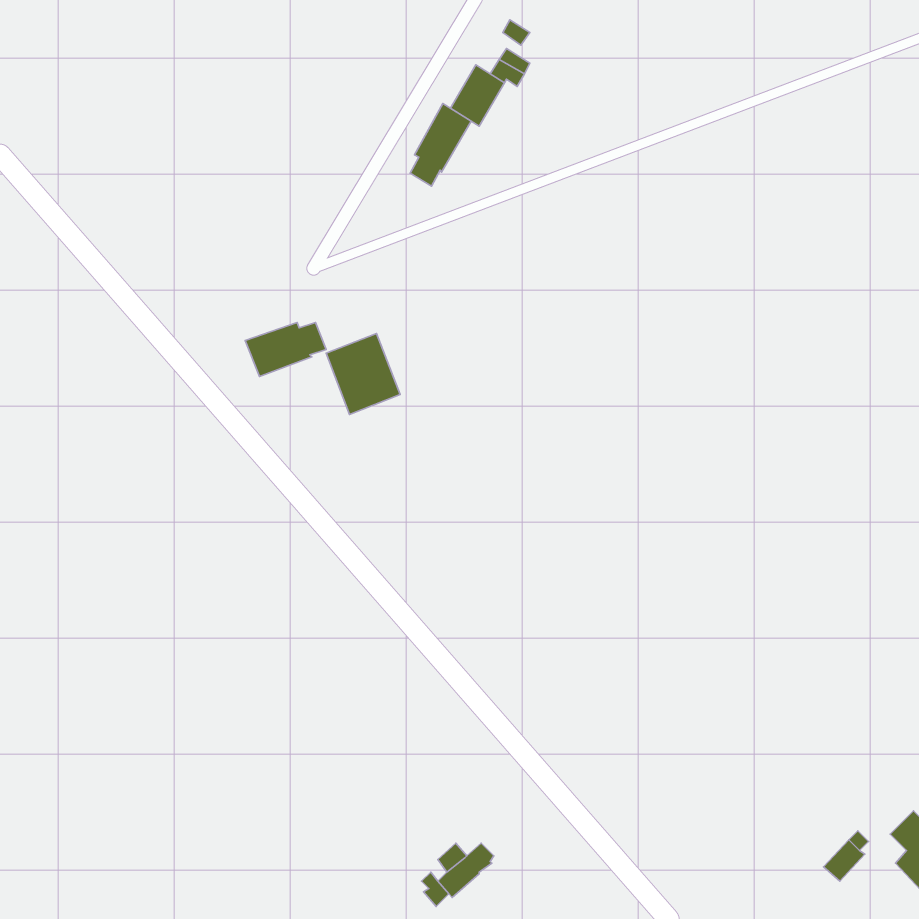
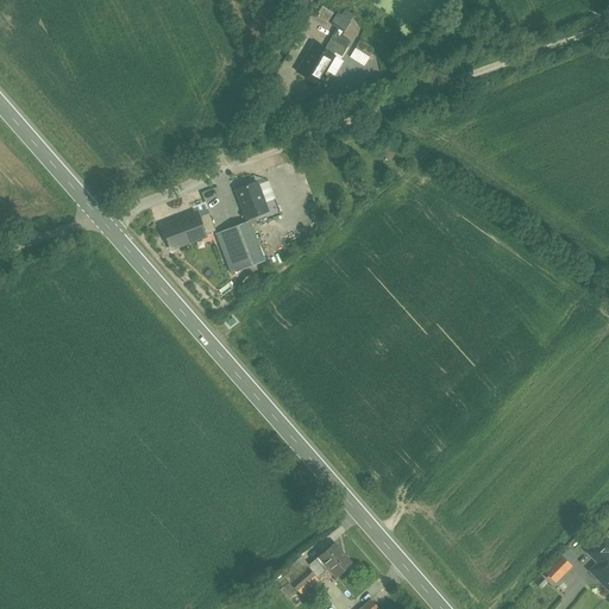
building: [410,104,471,186] -> none
building: none -> [238,181,269,218]
building: none -> [319,542,352,577]

